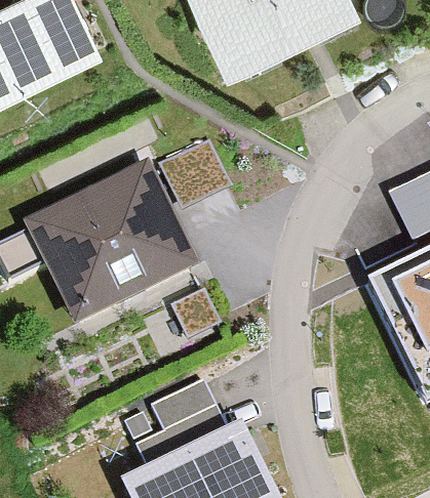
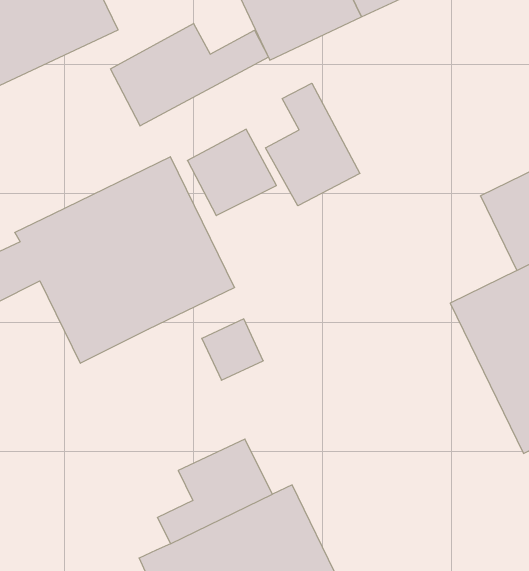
building: none -> [111,23,269,126]
building: none -> [266,83,360,206]

